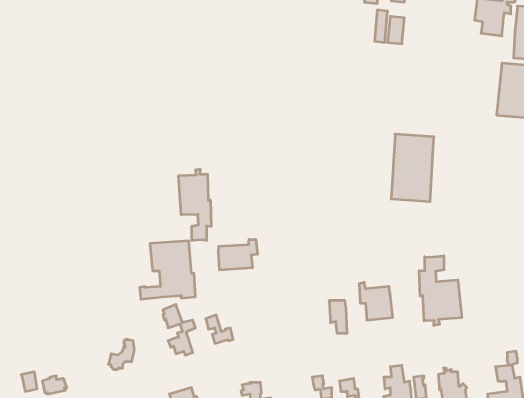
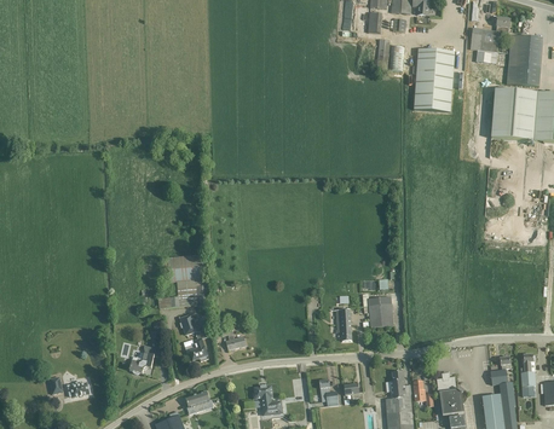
building: [391,134,434,202] -> [414,48,454,111]
building: [179,169,211,241] -> none
building: [218,239,258,270] -> none
building: [419,256,462,326] -> none

